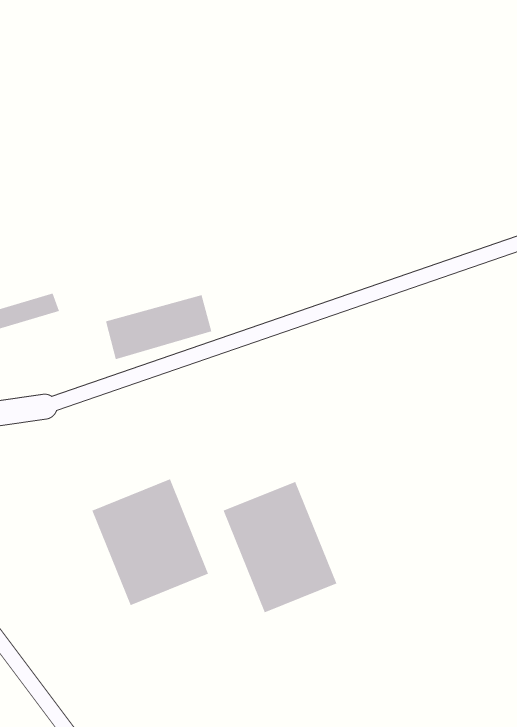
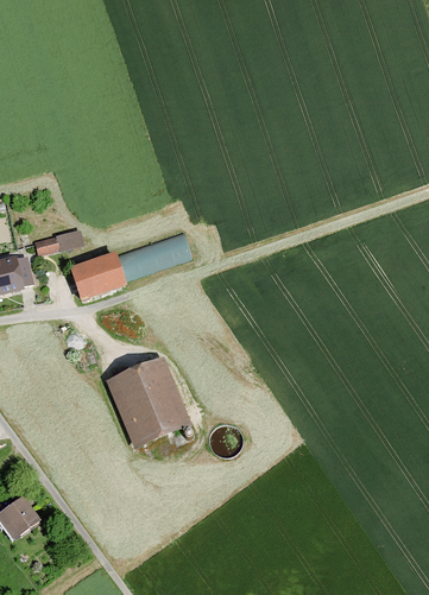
building: none -> [69,253,126,302]
building: [223,481,337,613] -> none

